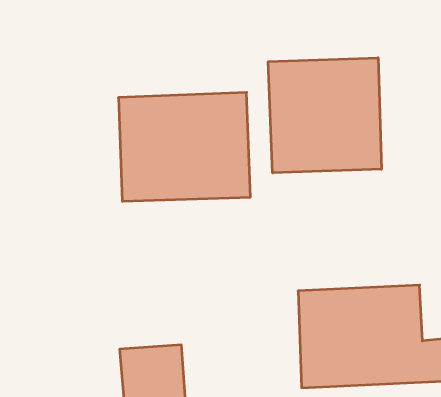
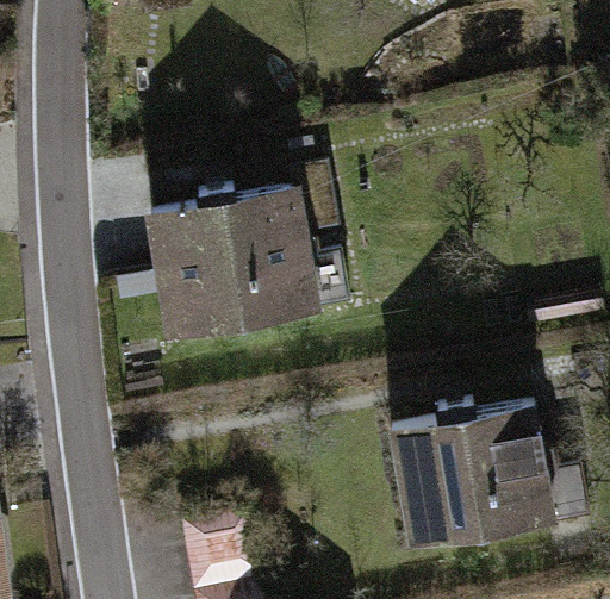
building: [268,58,381,173] -> none

